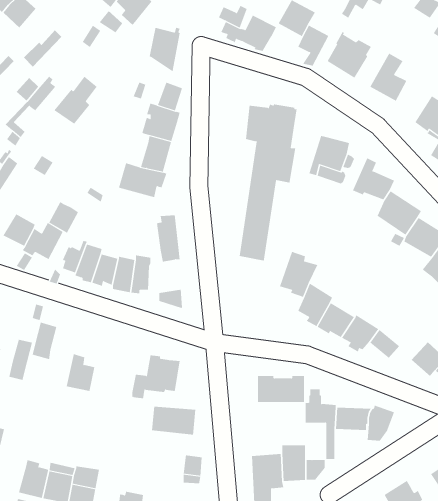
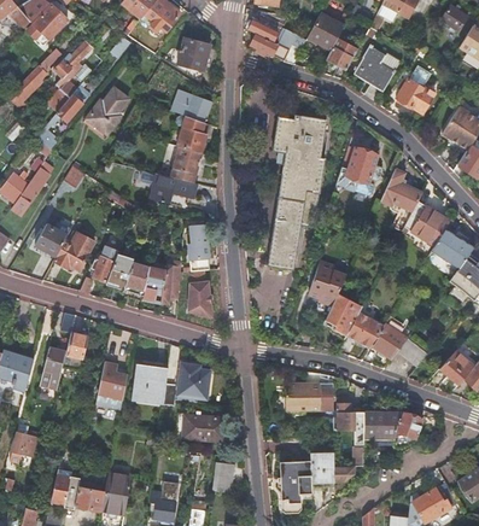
building: [49,201,79,233] -> none
building: none -> [188,269,211,302]
building: none -> [133,364,167,401]

